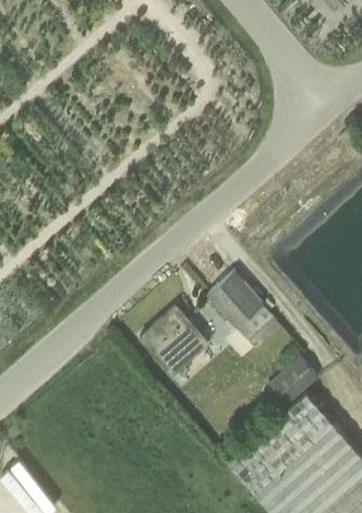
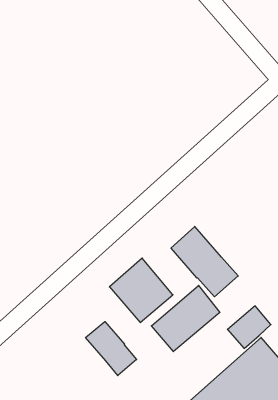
building: none -> [151,285,220,352]
building: none -> [86,322,137,376]

